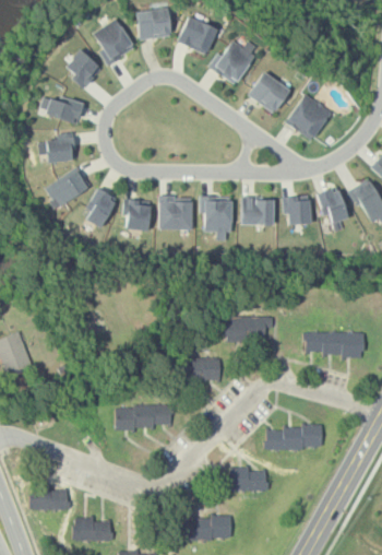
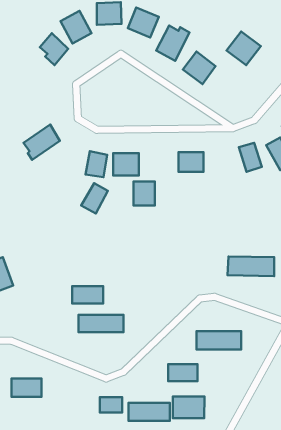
building: [41,95,85,125] -> none
building: [286,96,330,139] -> [226,32,261,65]
building: [39,131,76,164] -> none
building: [83,188,117,226] -> [81,183,108,213]
building: [205,199,232,229] -> [133,182,155,206]
building: [287,199,310,223] -> none
building: [226,317,266,341] -> none
building: [181,358,220,380] -> [72,286,103,303]
building: none -> [173,396,204,418]
building: [82,522,110,542] -> [100,397,122,413]

